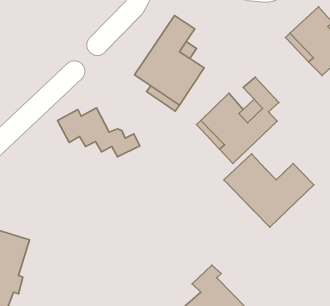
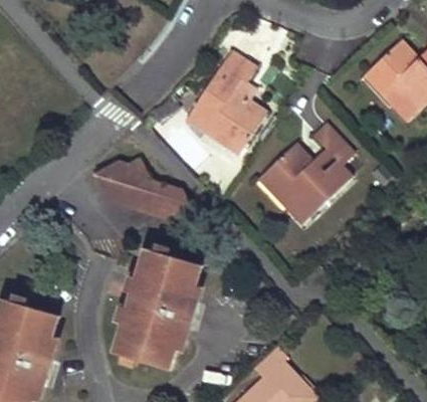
building: [224,154,314,227] -> none
building: none -> [116,248,202,371]

